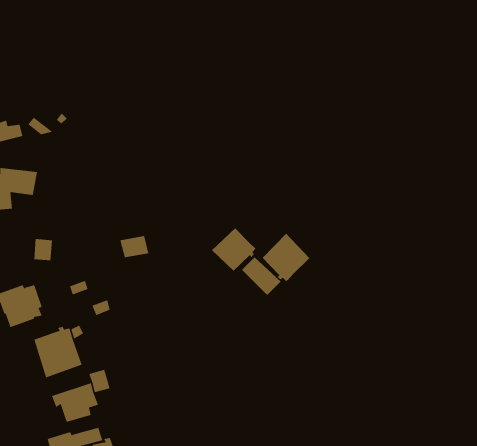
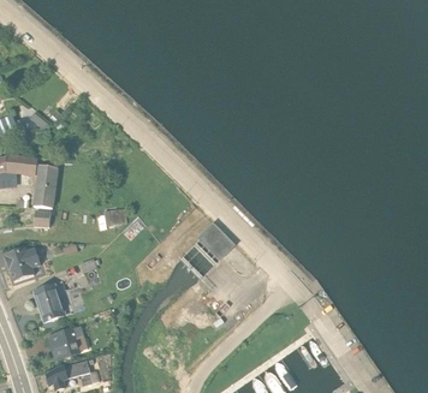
building: none -> [31,162,58,207]
building: [211,227,256,272] -> none
building: [262,233,310,282] -> none

